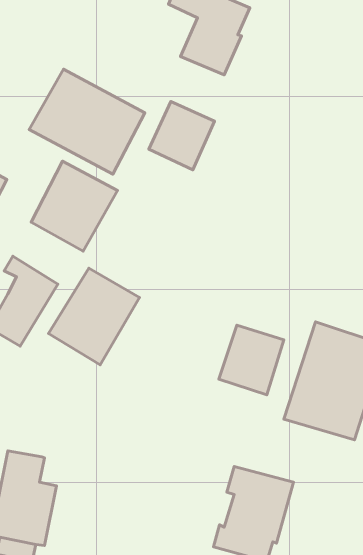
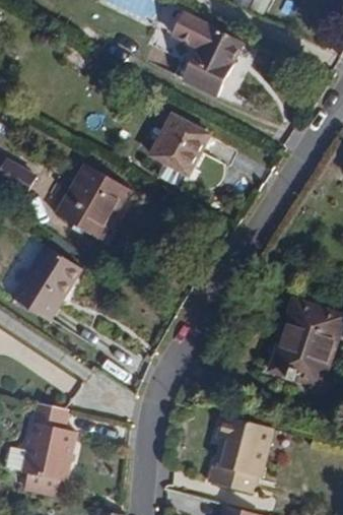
building: [29,69,145,174] -> none
building: [49,268,139,365] -> none
building: [219,325,284,395] -> none

